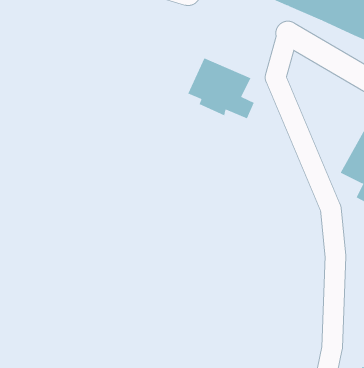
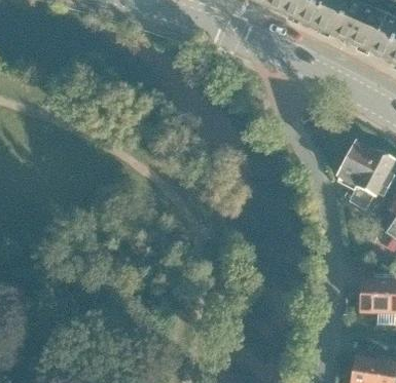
building: [187,57,255,119] -> none

